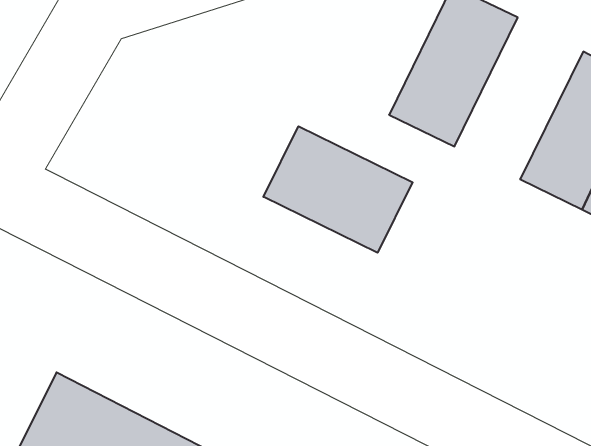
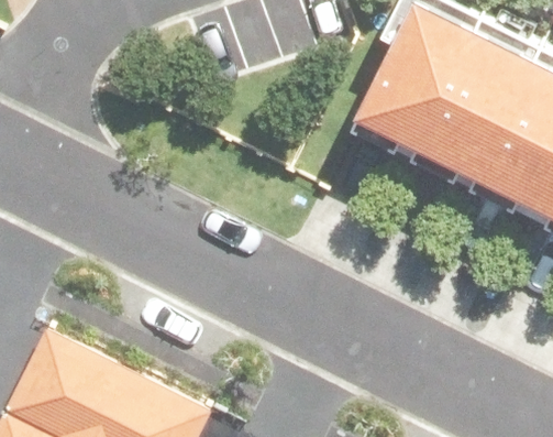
building: none -> [418,23,534,170]
building: [263,126,413,253] -> none

